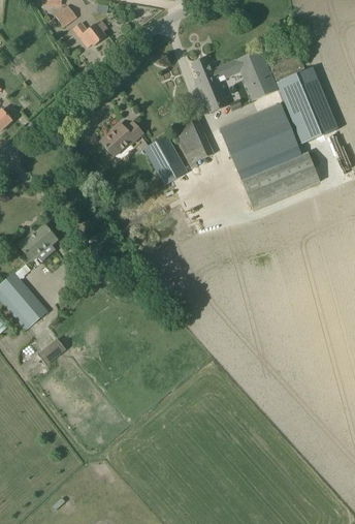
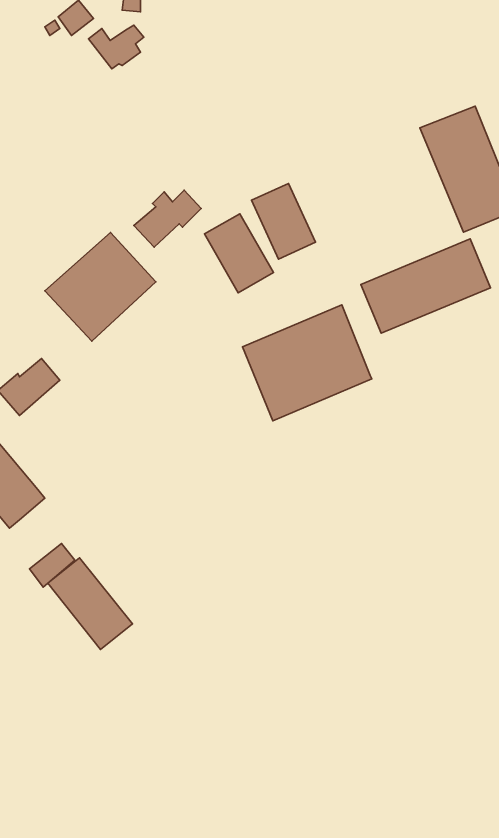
building: [192,49,278,113] -> none
building: [220,100,299,172] -> [242,305,372,421]
building: none -> [45,233,156,341]
building: none -> [48,558,132,649]

